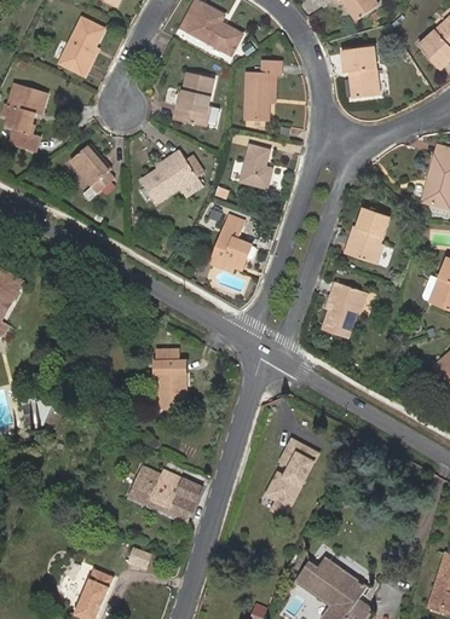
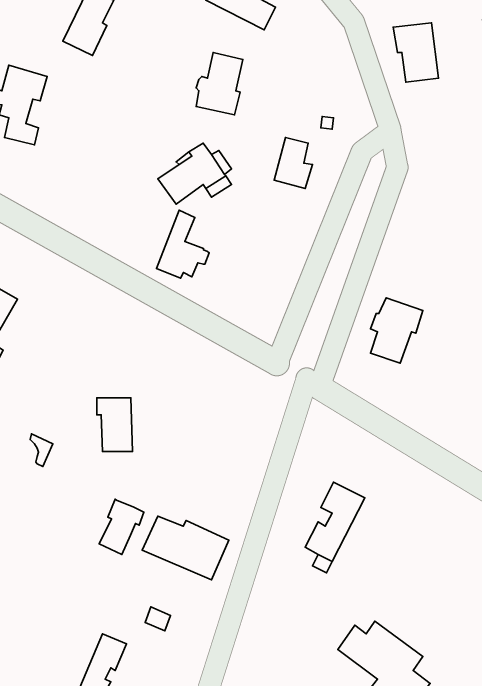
building: [244,62,281,120] -> none
building: [70,144,114,201] -> none
building: [344,208,388,264] -> none
building: [210,213,255,271] -> [157,210,209,278]
building: [155,361,185,407] -> [97,398,132,452]
building: none -> [99,499,144,555]

